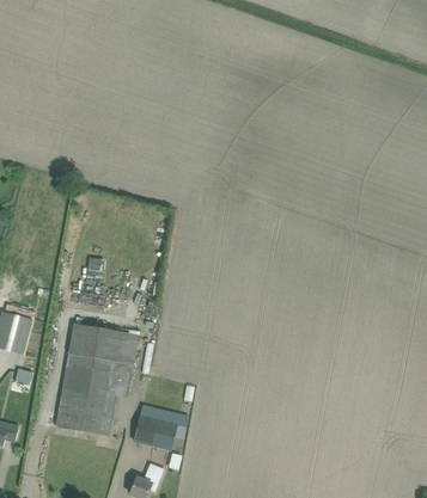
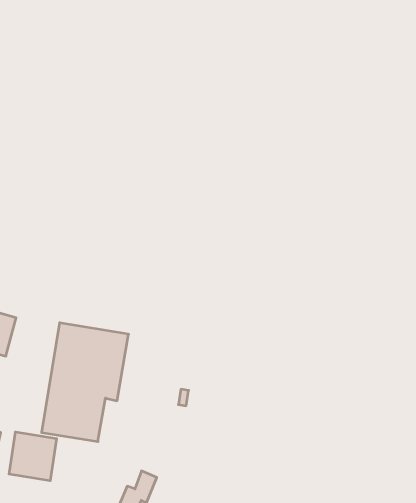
building: [133,404,188,449] -> none
building: none -> [9,432,57,481]

